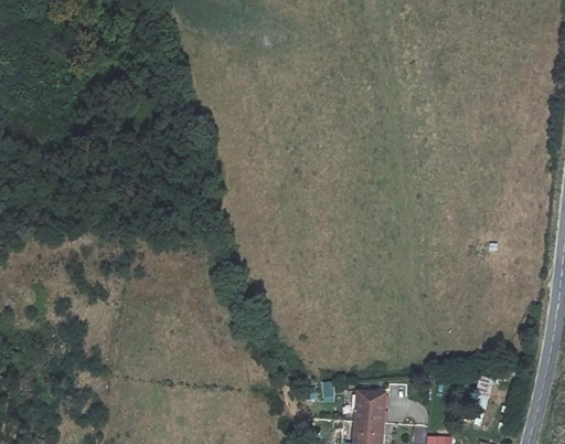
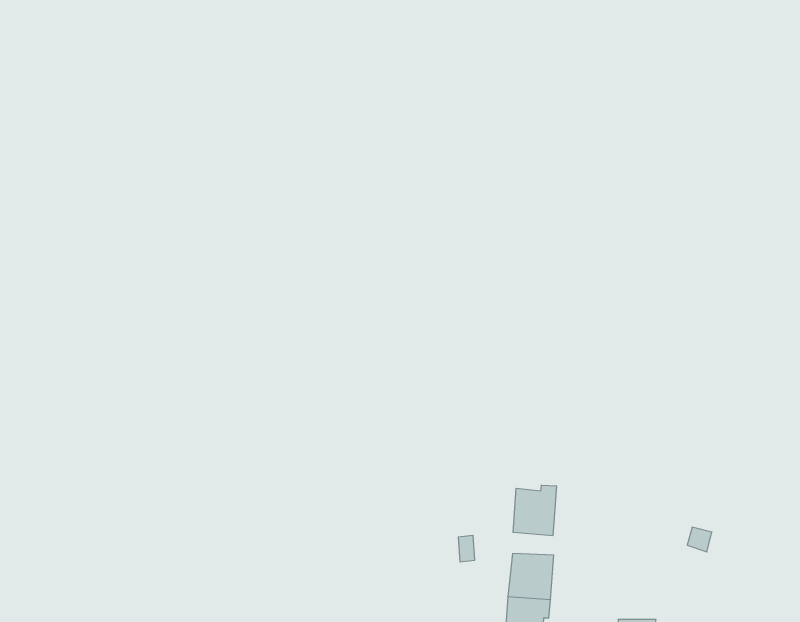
building: none -> [513,485,557,536]

